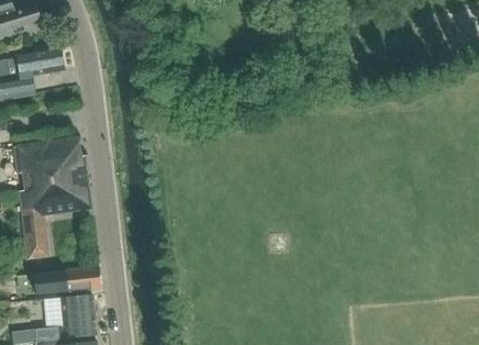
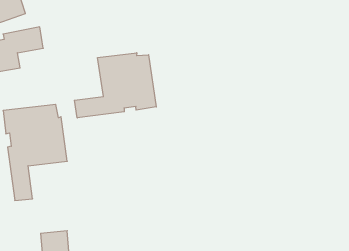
building: none -> [74,53,156,118]
building: [33,267,101,296] -> none

